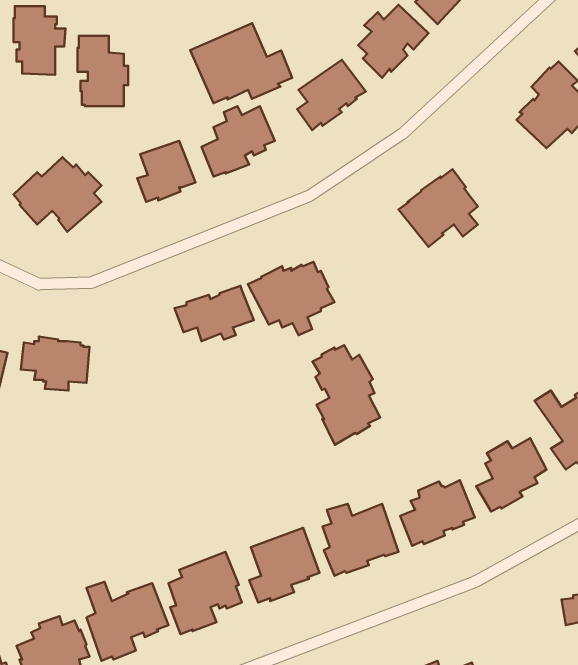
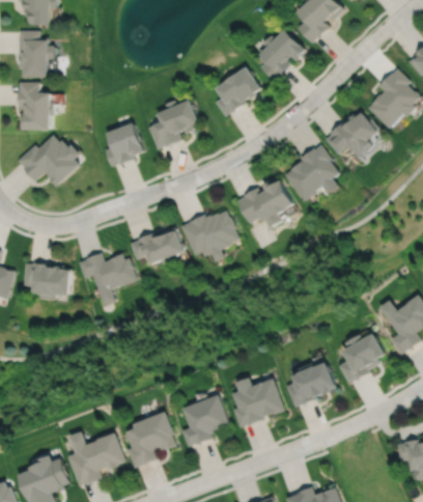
building: [190,23,292,103] -> none
building: [77,36,128,106] -> [17,83,52,132]
building: none -> [323,114,377,160]
building: none -> [236,177,294,226]
building: none -> [78,250,136,303]
building: [313,345,380,445] -> none

